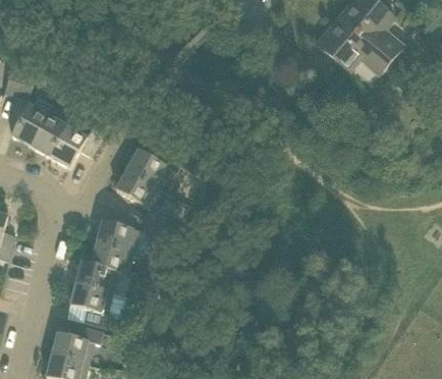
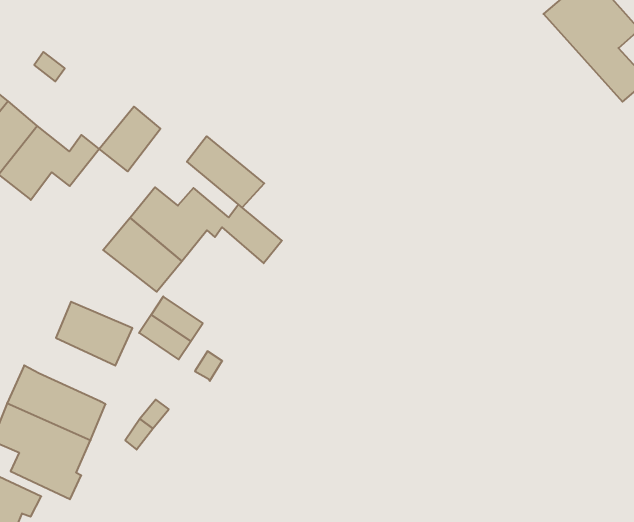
building: [317,17,391,74] -> none
building: none -> [99,107,160,171]
building: none -> [187,136,264,207]
building: [91,241,132,273] -> none

